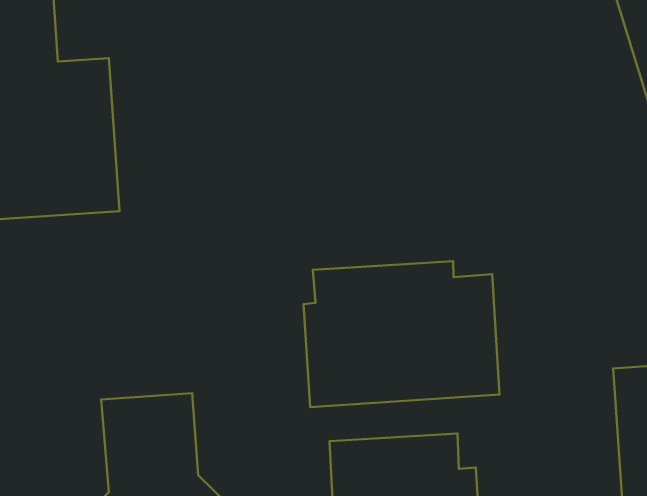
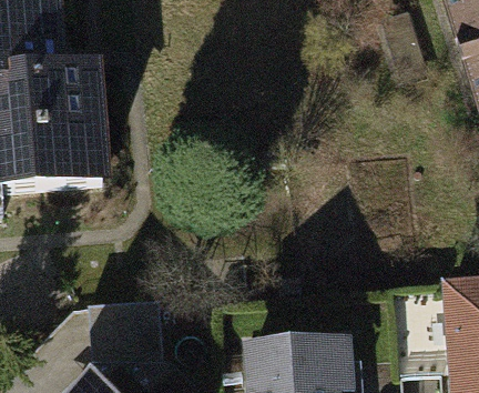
building: [304,261,500,407] -> none

